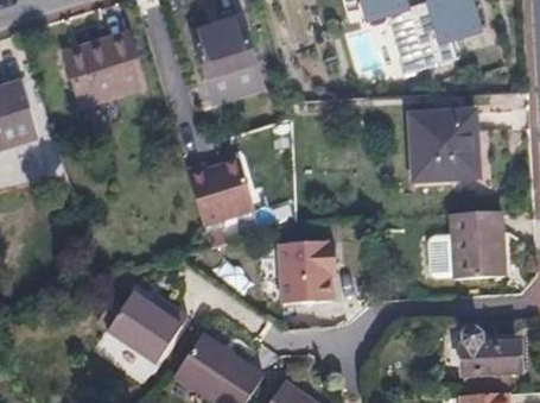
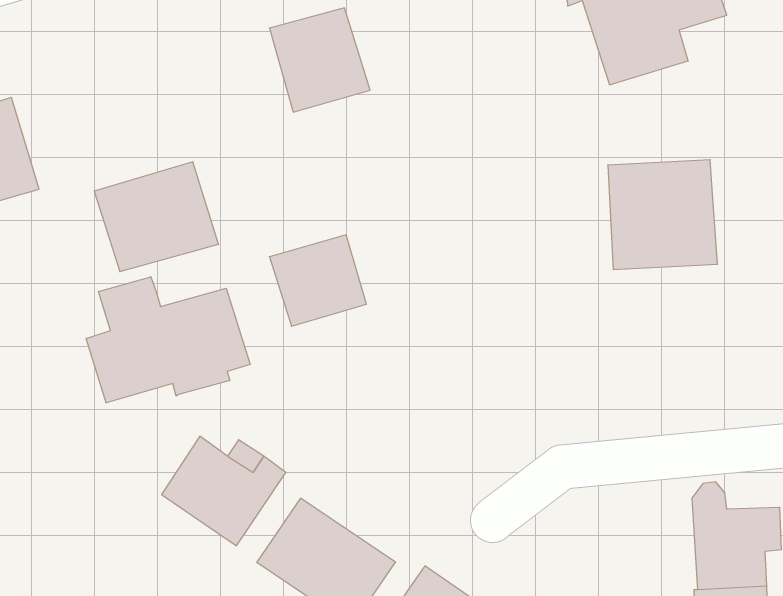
building: [59,32,140,103] -> [94,162,219,272]
building: none -> [86,277,250,403]
building: [445,210,501,277] -> none
building: [280,241,338,303] -> none

